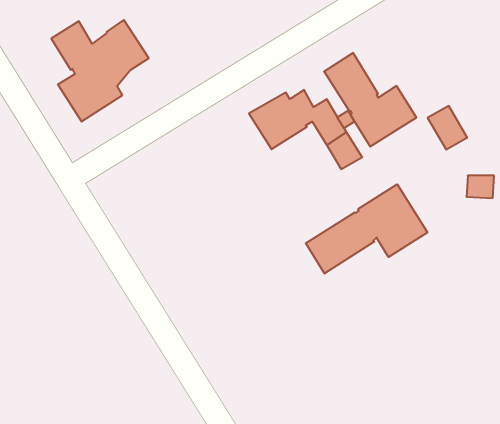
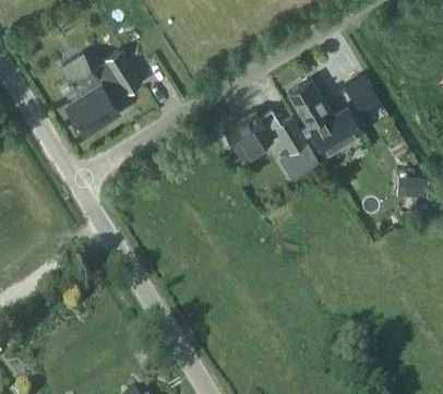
building: [428,106,467,149] -> [344,77,376,114]
building: [306,184,427,274] -> none

